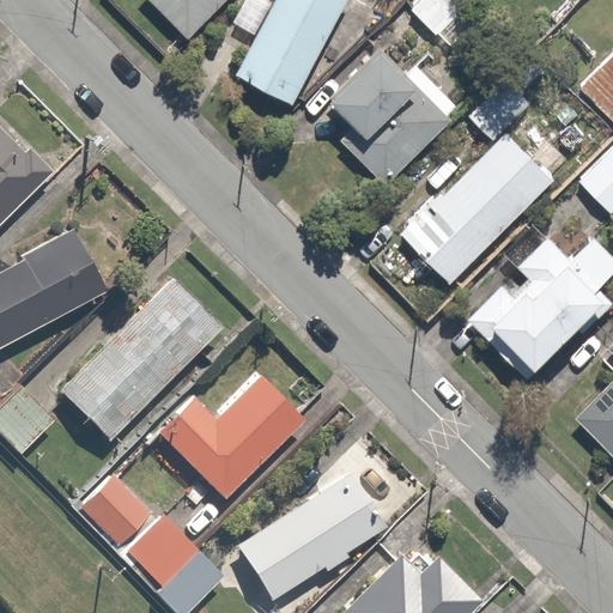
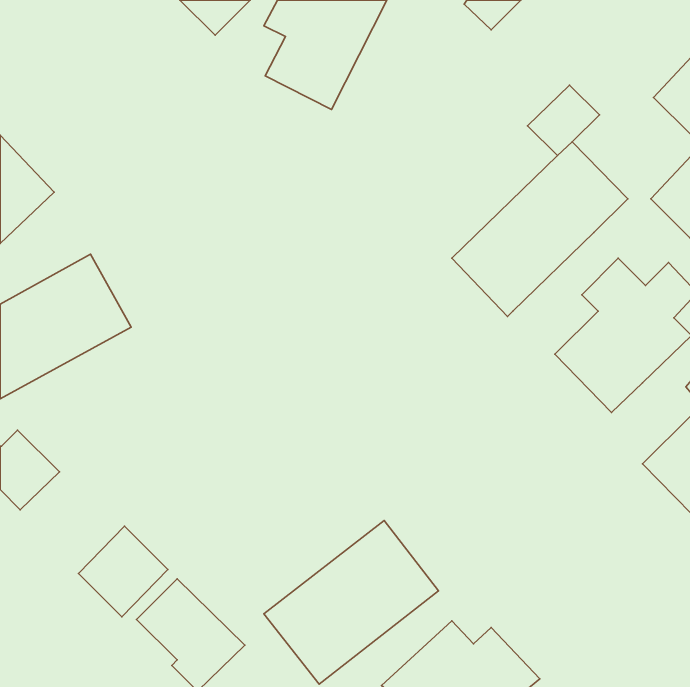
building: [305,43,466,190] -> none
building: [56,273,232,456] -> none
building: [154,374,303,499] -> none

